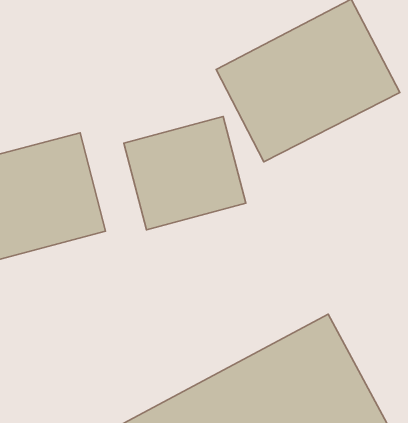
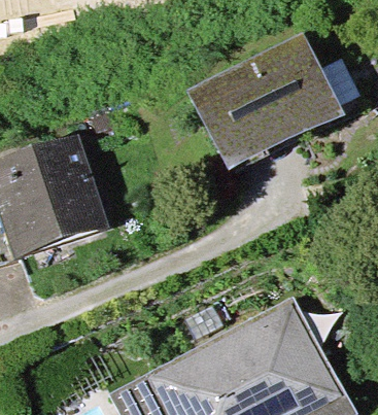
building: [124,117,246,230] -> none

